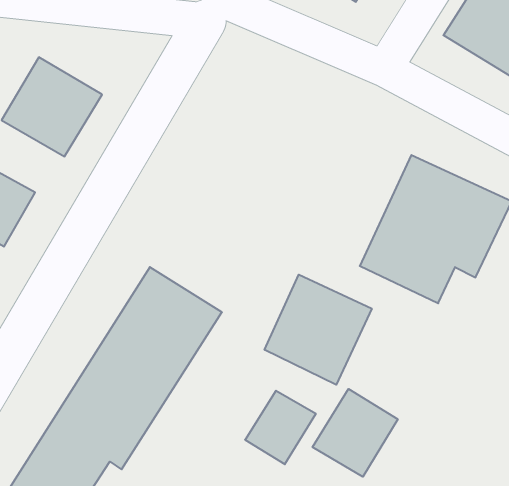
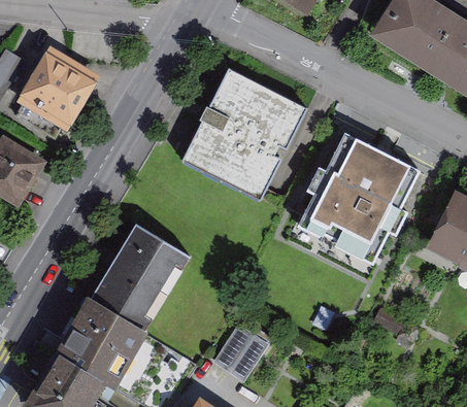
building: none -> [185,70,306,197]
building: [265,275,372,385] -> none
building: [313,389,398,477] -> none

